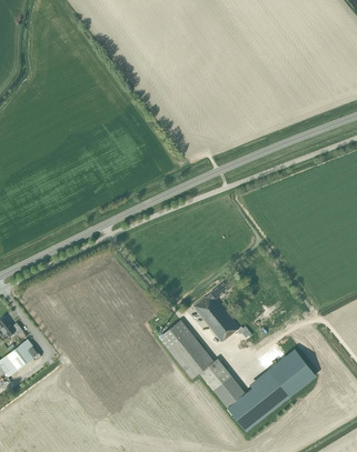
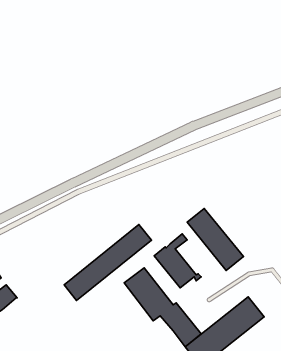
building: none -> [187,208,243,270]
building: none -> [64,224,151,301]

